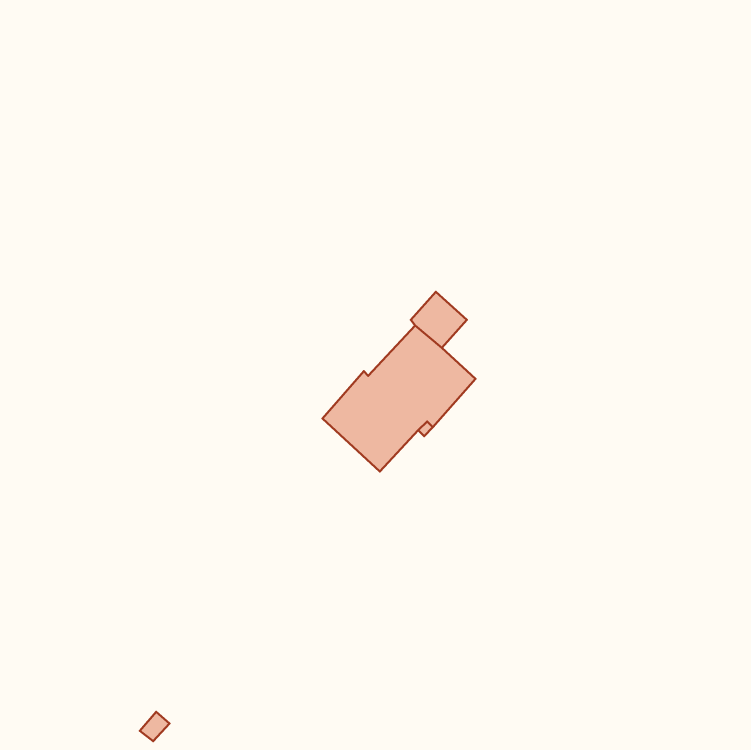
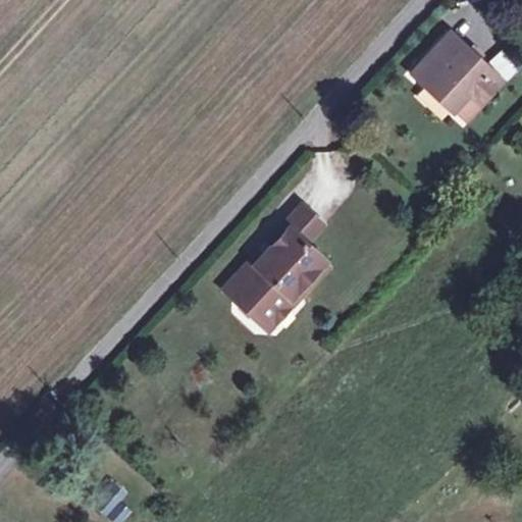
building: none -> [413,34,495,106]

